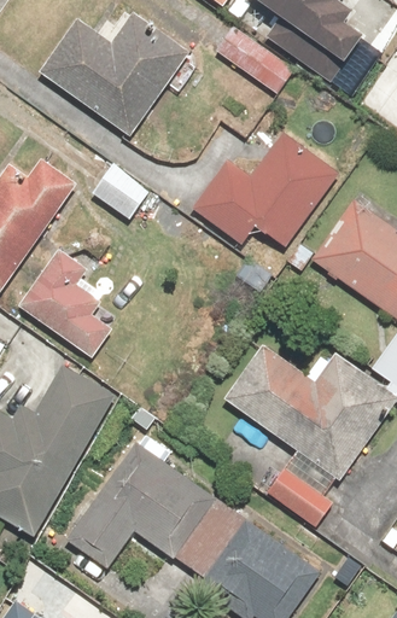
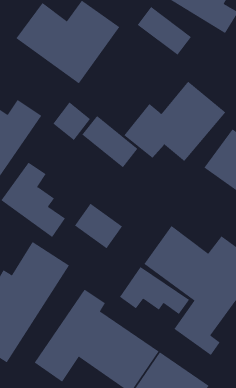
building: none -> [82,115,138,168]
building: none -> [74,203,123,249]
building: none -> [119,266,190,315]

